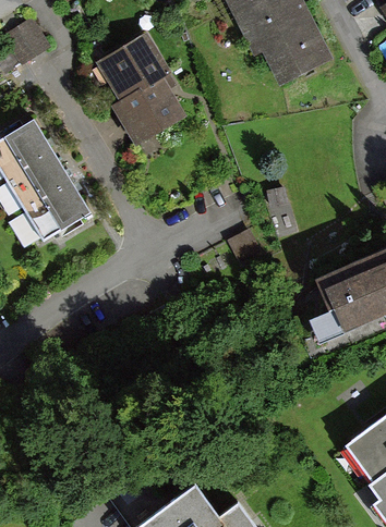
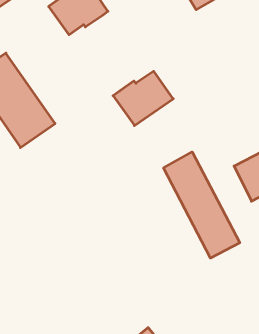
building: [109,79,186,148] -> [113,71,173,126]
building: none -> [164,152,240,258]

